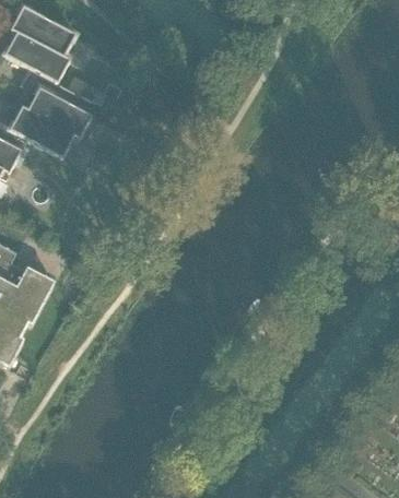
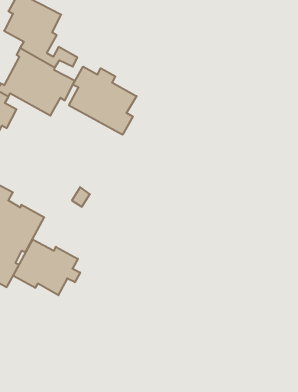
building: none -> [69,67,137,135]
building: none -> [13,239,80,295]

